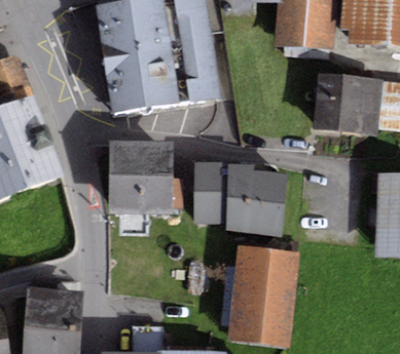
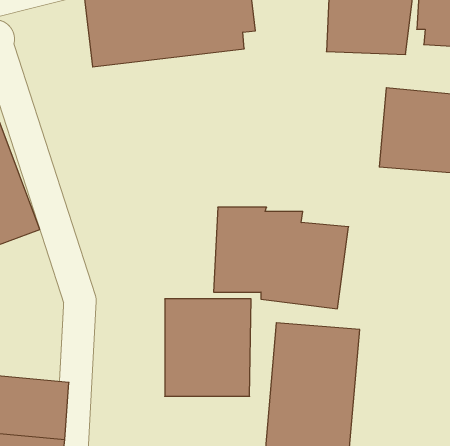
building: [101,44,219,111] -> none
building: [108,141,172,212] -> [165,299,251,396]

